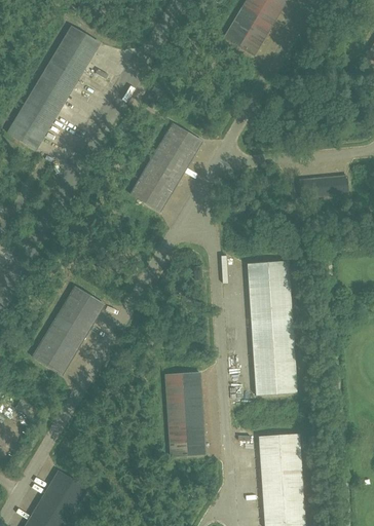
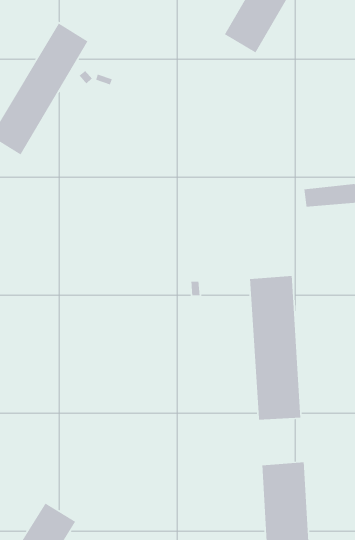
building: [130,123,201,211] -> none
building: [33,287,104,374] -> none
building: [165,372,204,455] -> none

